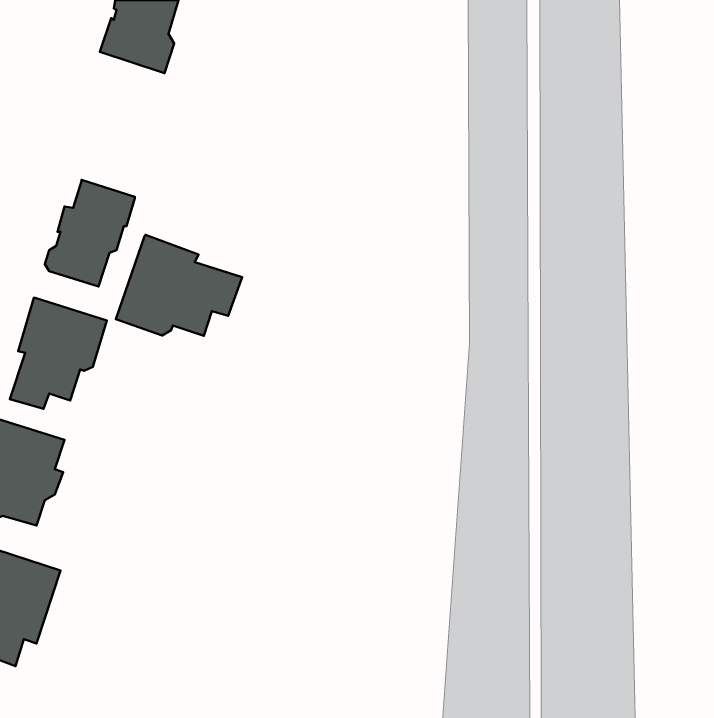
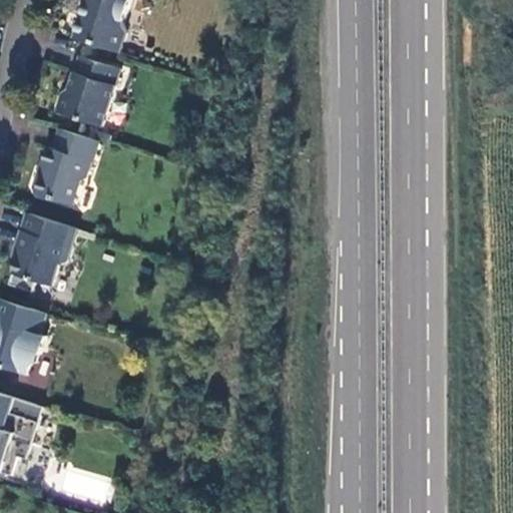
building: none -> [54,55,118,125]
building: [116,235,242,336] -> none

